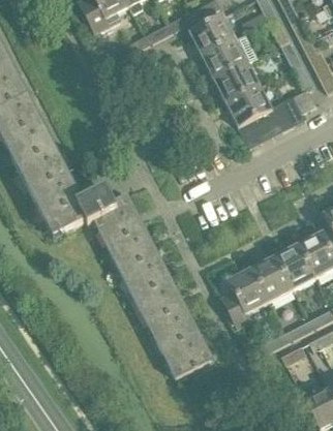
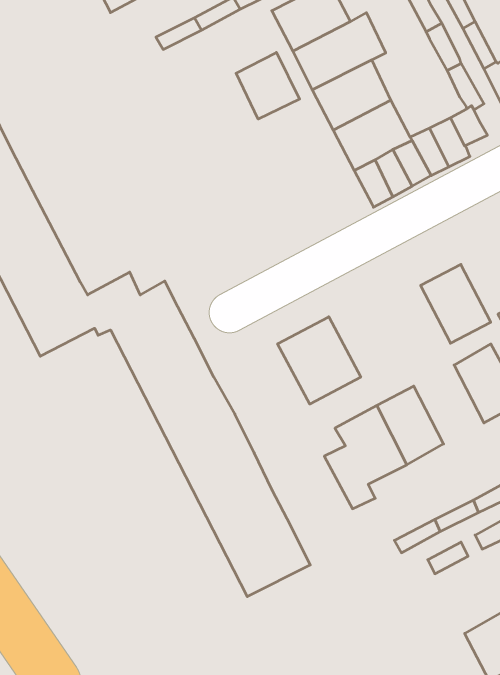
building: none -> [236,52,300,119]
building: none -> [278,317,361,404]
building: [274,242,315,288] -> [421,264,491,343]

